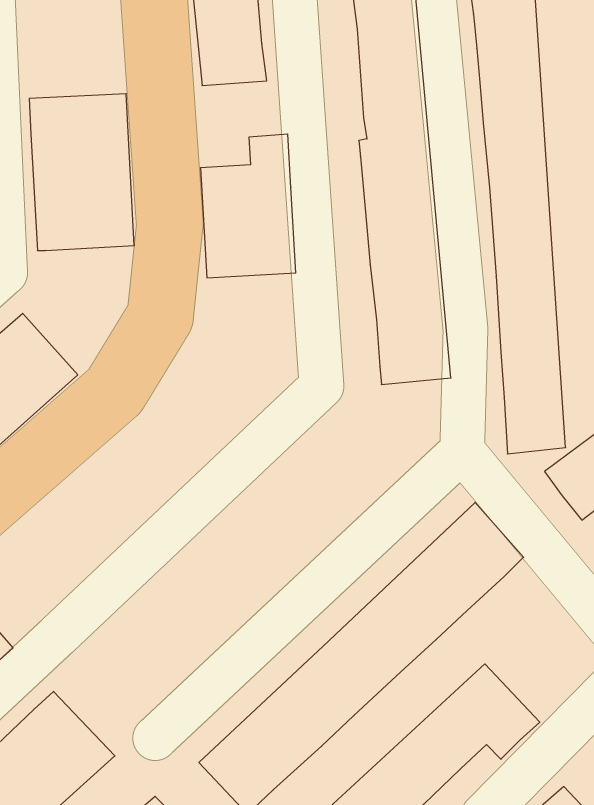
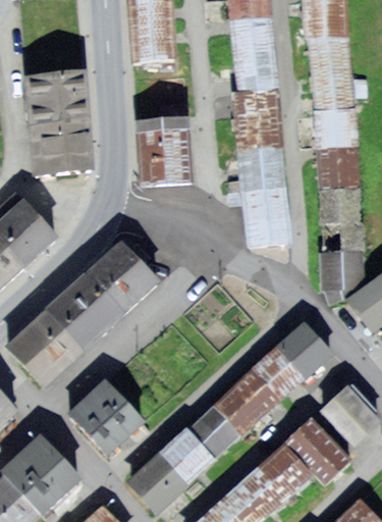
building: none -> [10,238,160,384]
building: none -> [69,381,140,452]
building: none -> [325,387,373,441]

